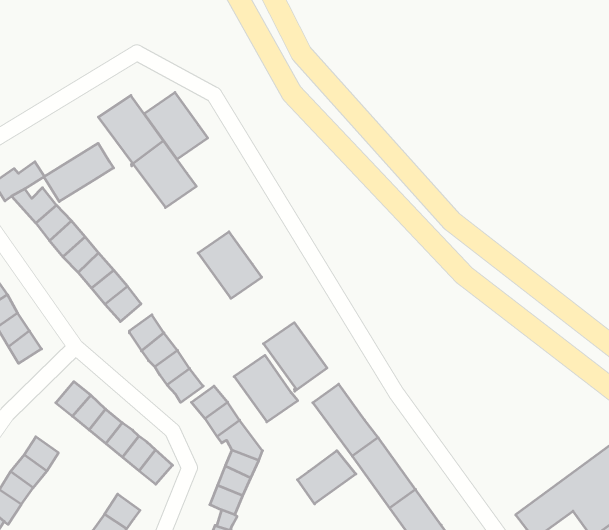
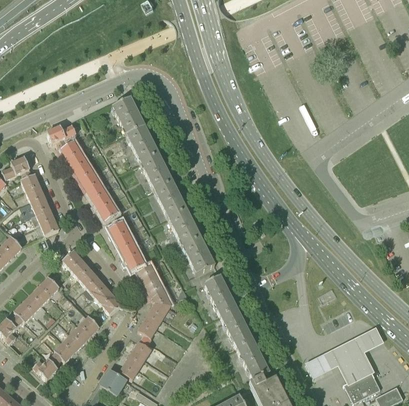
building: [144,92,208,159] -> [140,152,173,189]
building: [44,143,114,202] -> none
building: [234,355,298,422] -> [168,208,201,245]
building: [297,451,356,504] -> none

